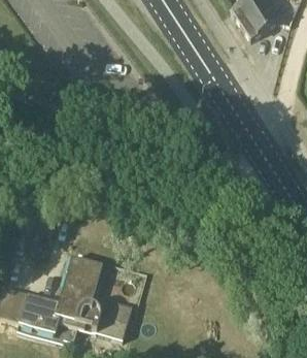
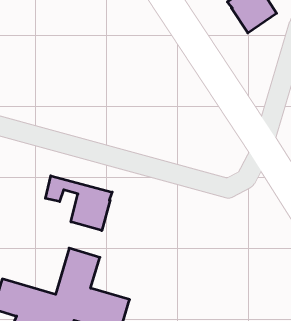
building: none -> [45,176,112,231]

